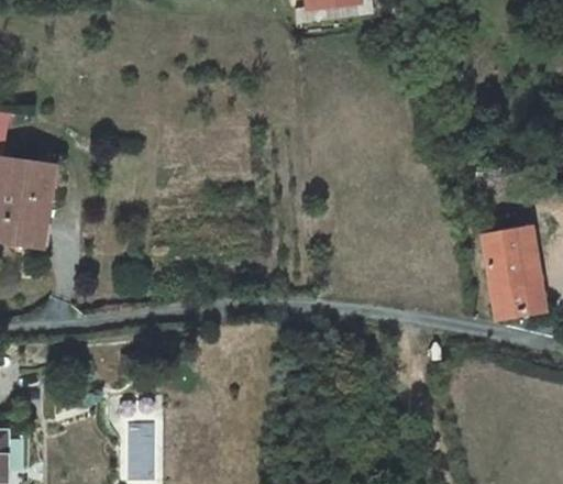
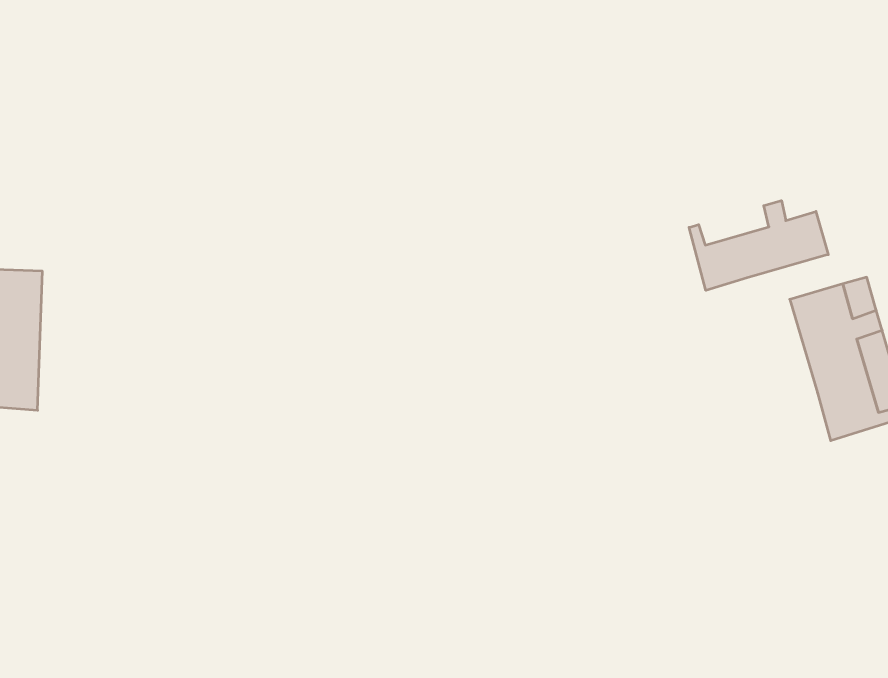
building: none -> [689,201,828,290]

